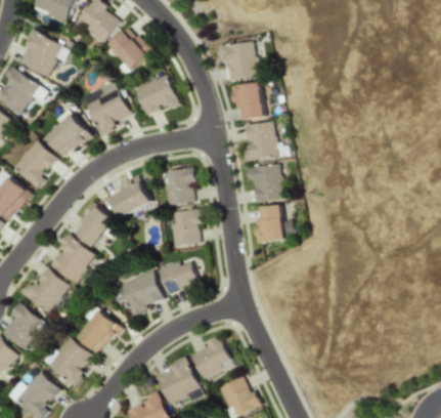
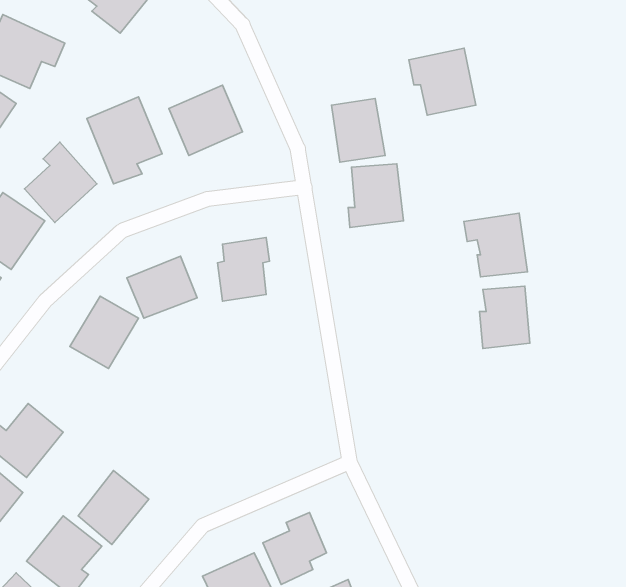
building: [109,27,153,71] -> none
building: [219,40,260,81] -> [409,48,476,115]
building: [246,163,284,202] -> [464,213,528,277]
building: [255,205,285,243] -> [480,286,530,348]
building: [170,208,202,247] -> none
building: [51,234,96,283] -> none
building: [159,261,200,295] -> none
building: [120,270,164,317] -> none

